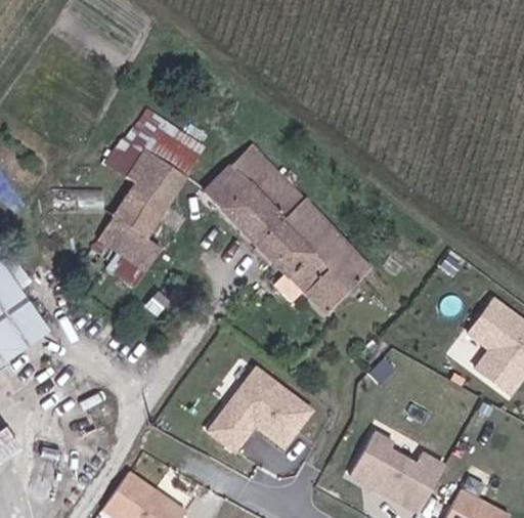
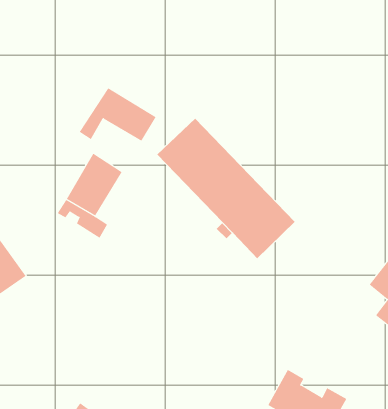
building: [134,143,193,206] -> none
building: [199,375,302,458] -> none

